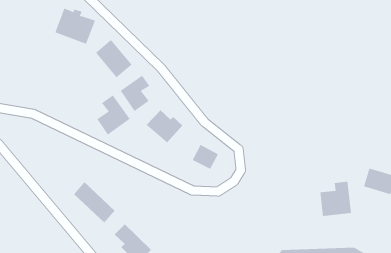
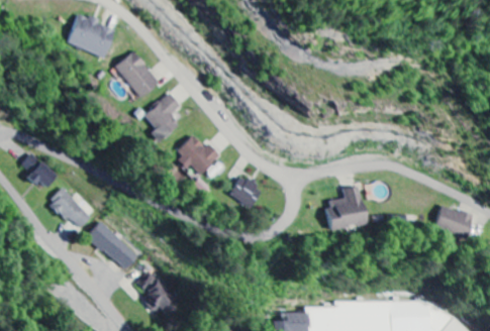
building: [96,94,130,136] -> none
building: none -> [18,153,57,188]
building: none -> [50,188,91,231]
building: [319,181,352,217] -> [325,187,364,229]

